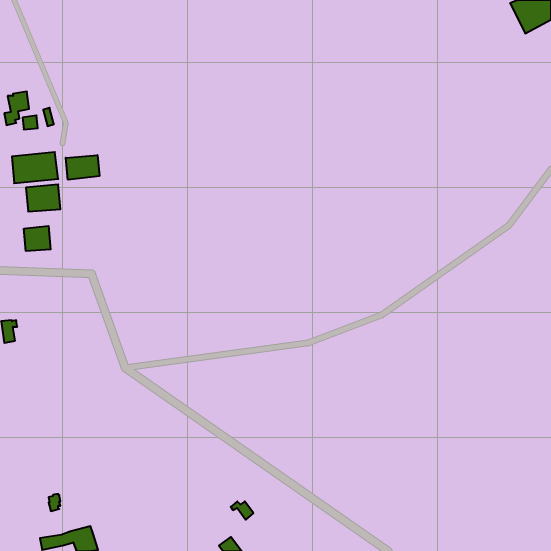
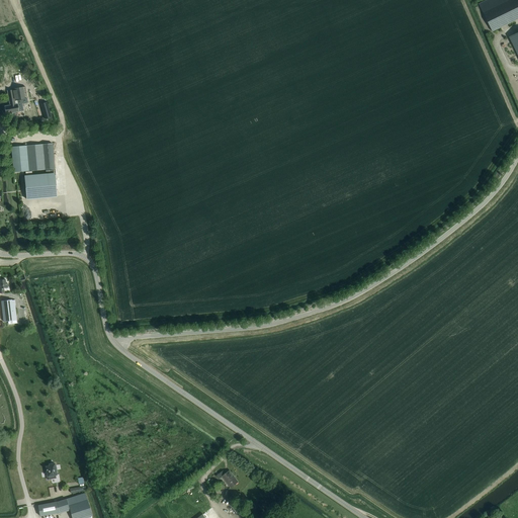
building: [66,155,99,180] -> none
building: [24,226,51,251] -> none

